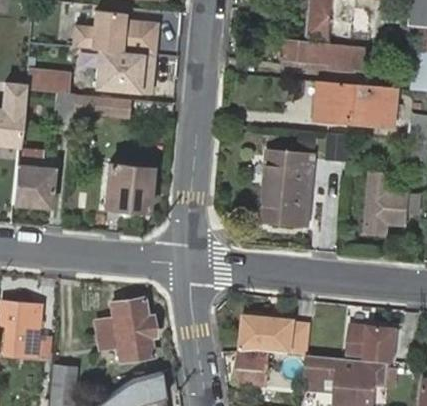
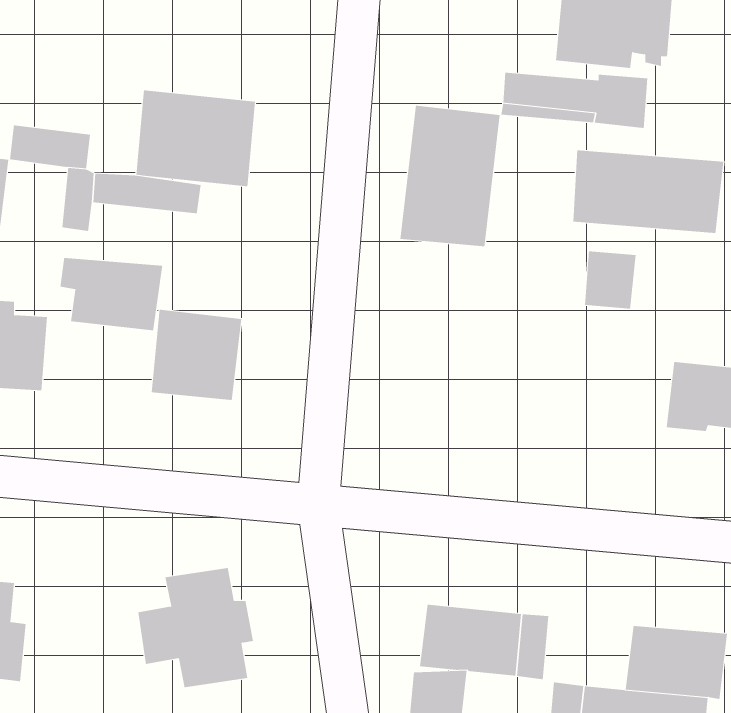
building: [71,11,159,56] -> none
building: none -> [60,257,163,331]
building: [262,152,314,225] -> [400,105,501,247]

